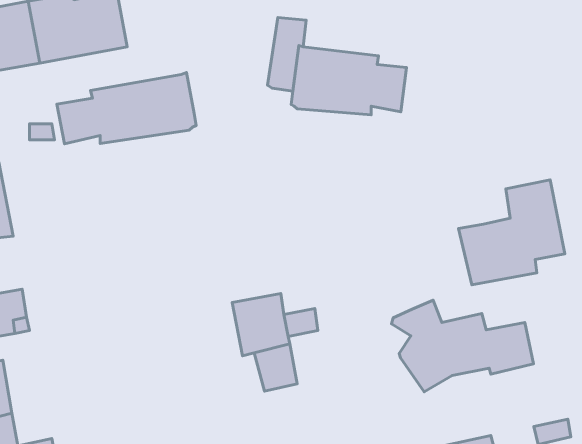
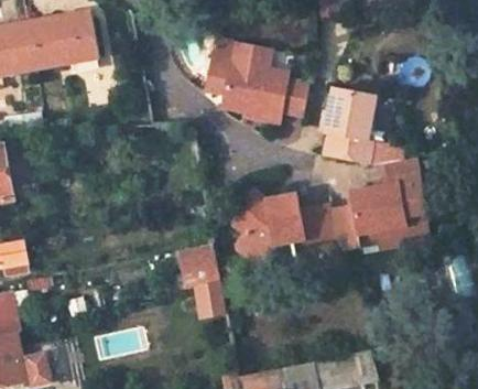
building: [57,73,196,144] -> none
building: none -> [317,95,371,170]
building: [392,300,534,392] -> [230,190,336,258]

